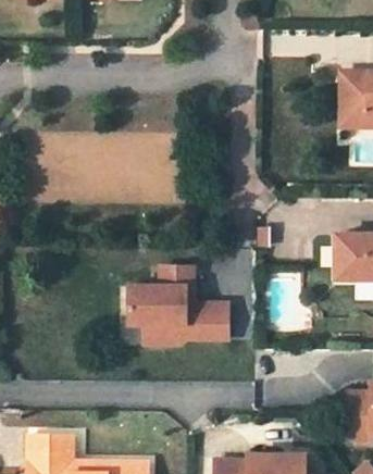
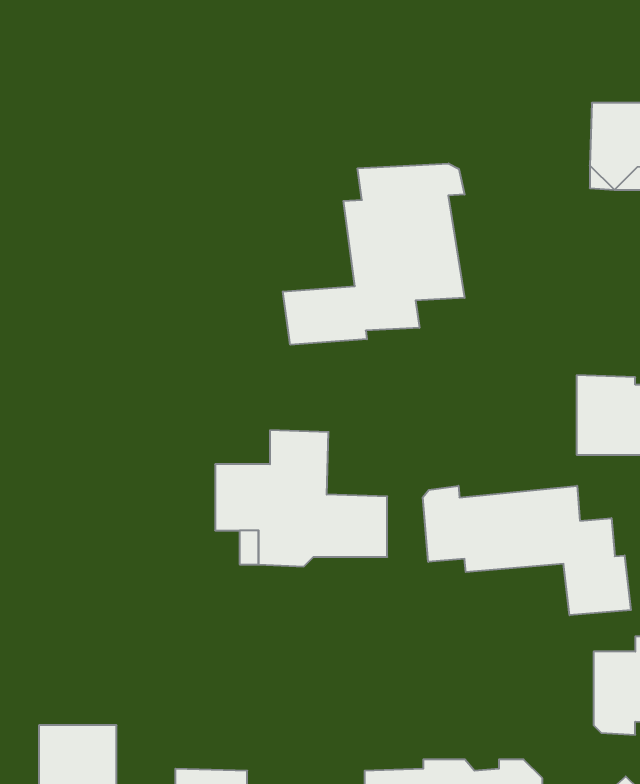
building: none -> [283,163,465,345]
building: none -> [423,486,631,615]

